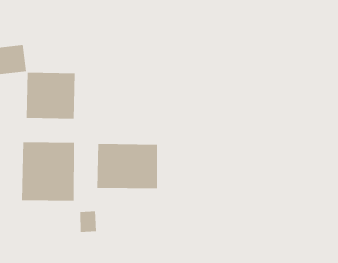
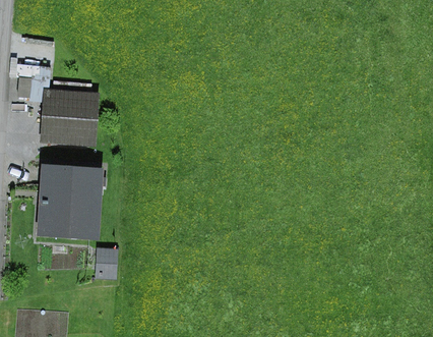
building: [97,143,158,189] -> none

